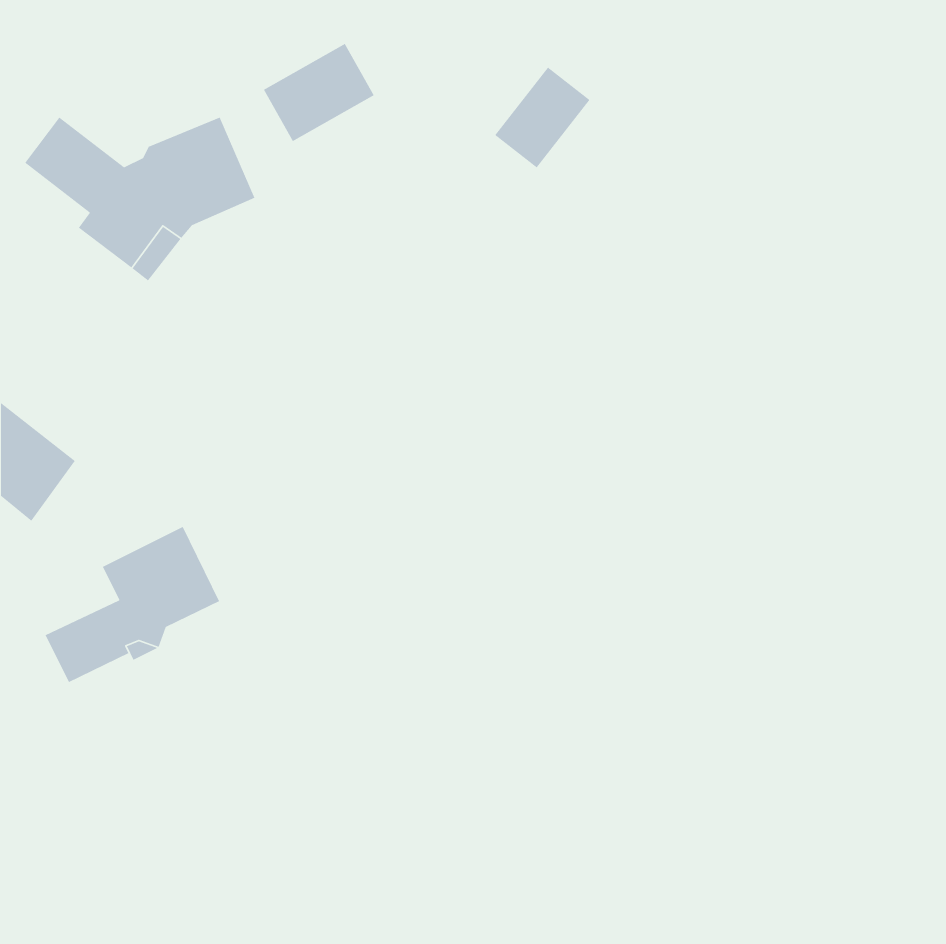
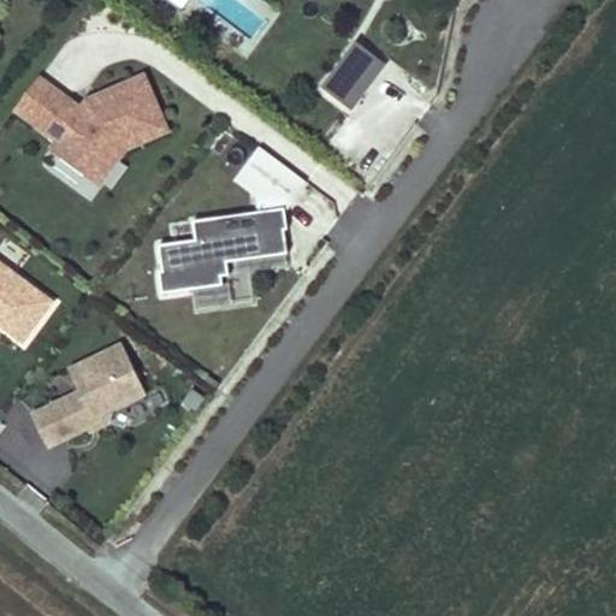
building: [263,43,375,142] -> none
building: none -> [156,146,301,294]

